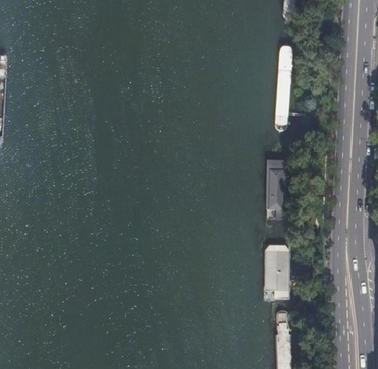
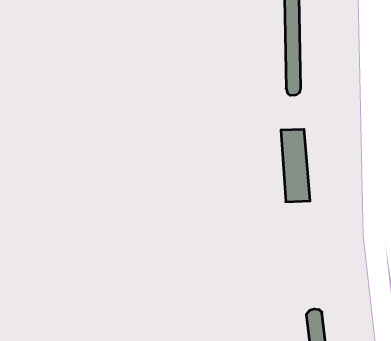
building: [265,244,290,299] -> none

